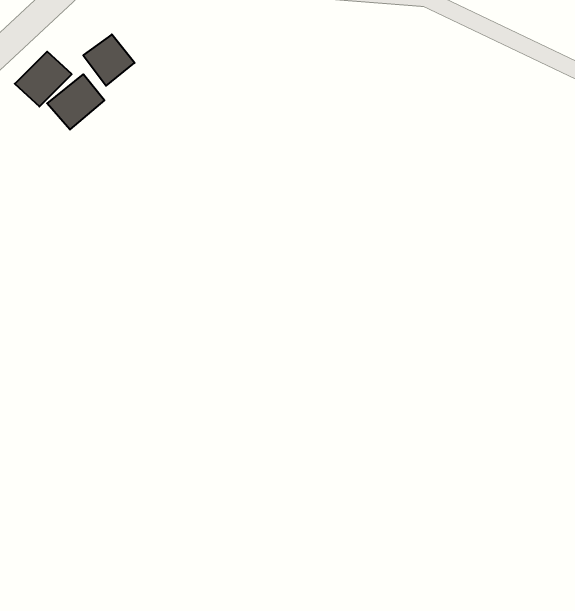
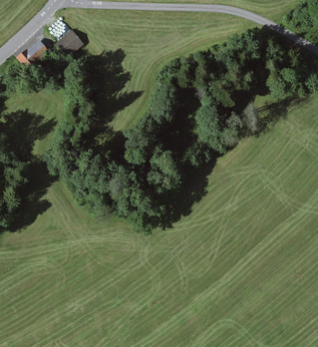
building: [47,74,104,130] -> none

